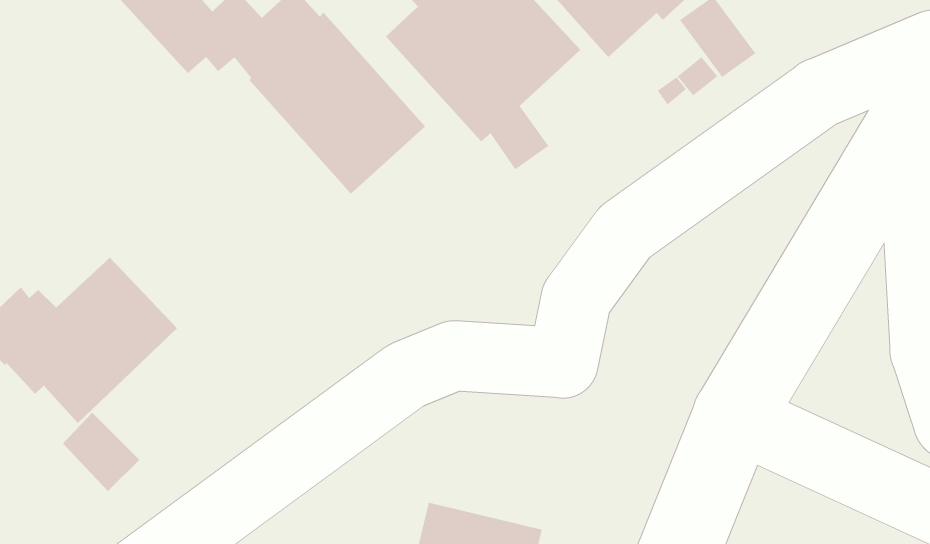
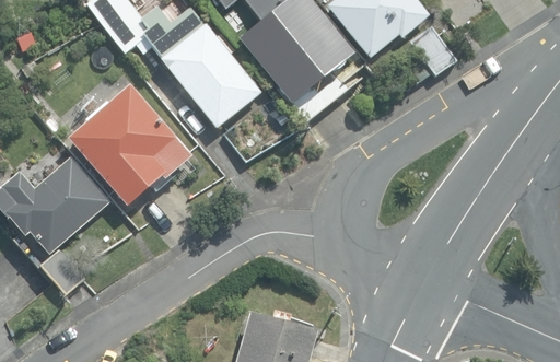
building: none -> [70,86,190,206]

